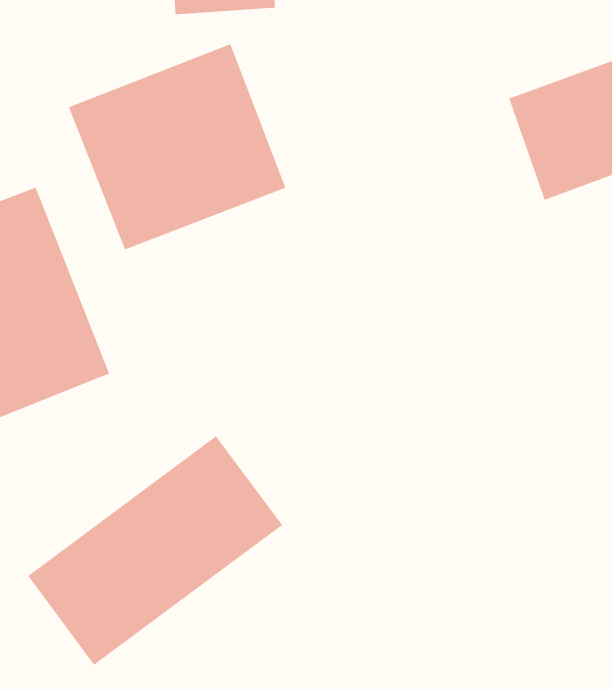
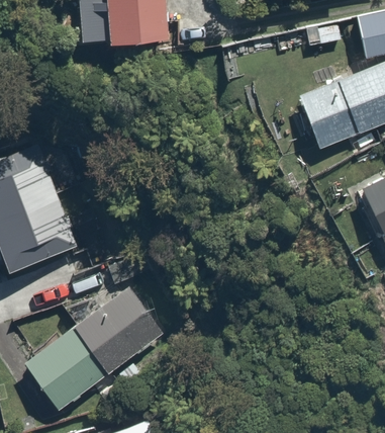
building: [68,43,286,251] -> none

